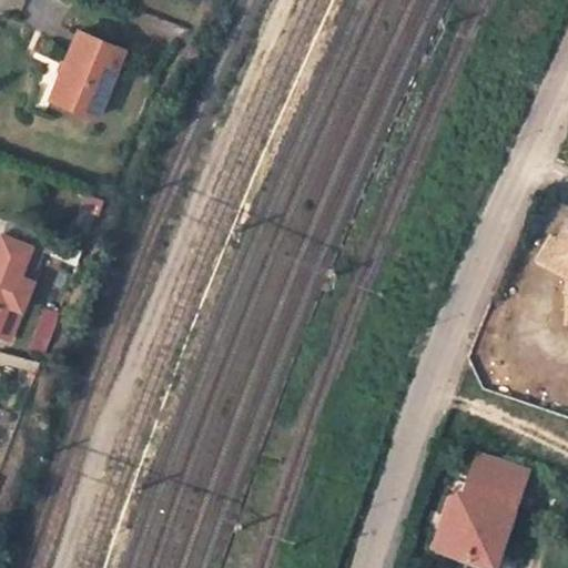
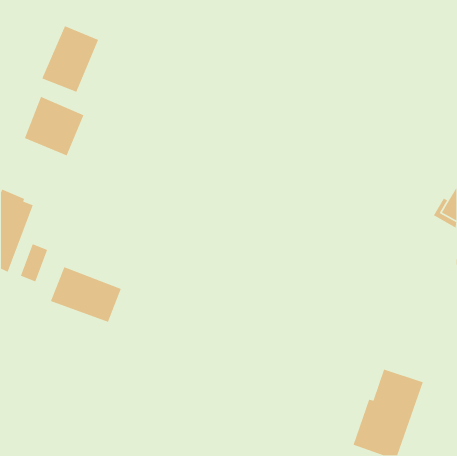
building: none -> [24,96,84,157]
building: none -> [50,266,122,323]

